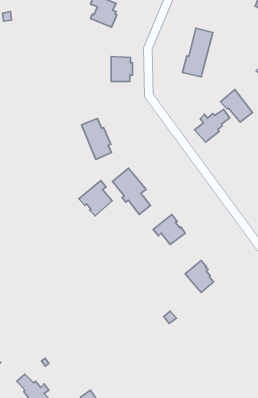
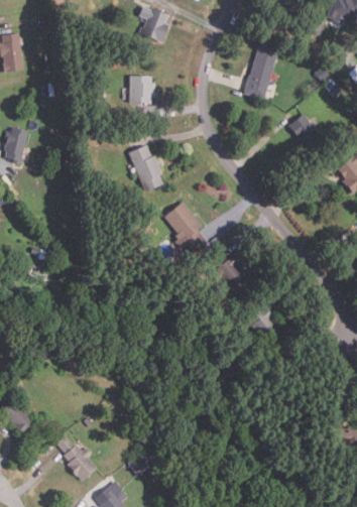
building: [111,57,132,81] -> [129,75,153,103]
building: [195,110,230,142] -> none
building: [79,180,112,216] -> none

